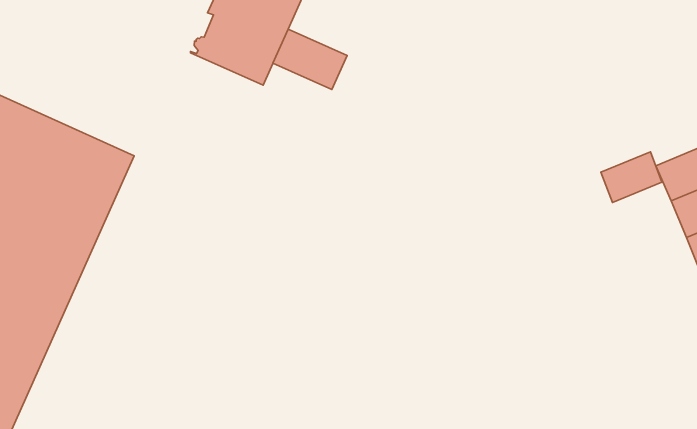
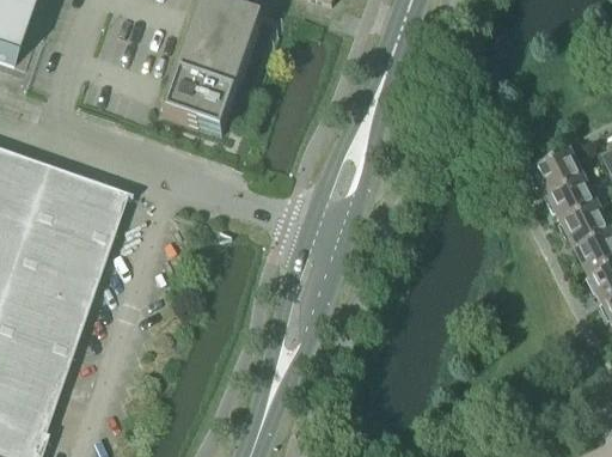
building: [273,29,347,89] -> none
building: [601,152,662,203] -> none

